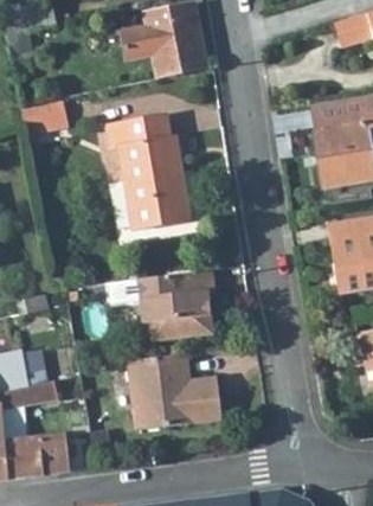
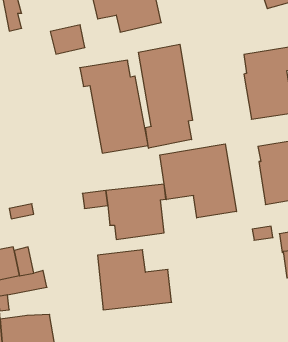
building: none -> [139,44,192,148]
building: [25,100,69,136] -> [50,25,85,54]
building: none -> [160,144,236,218]

